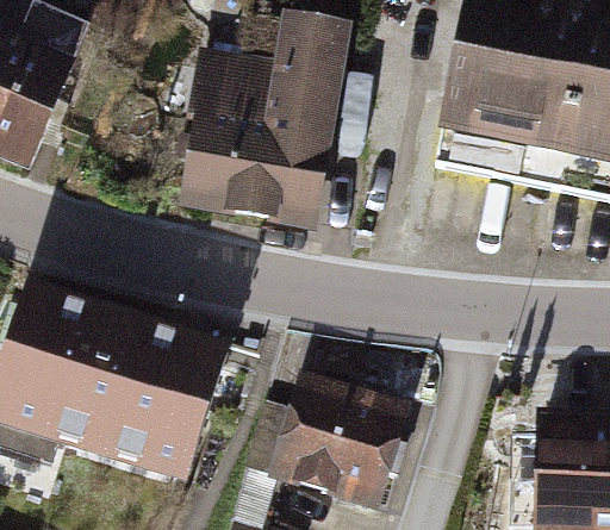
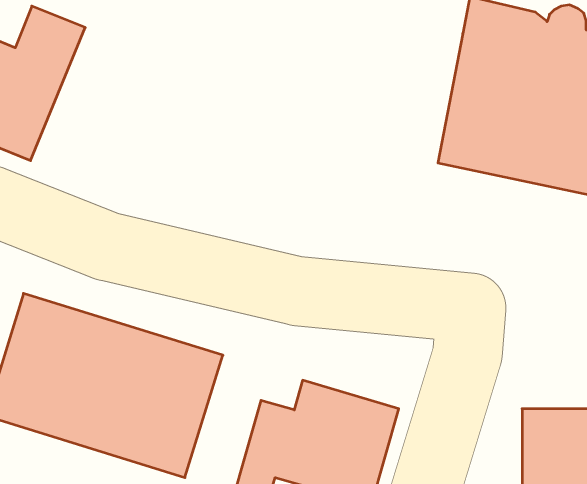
building: [186,20,348,230] -> none

